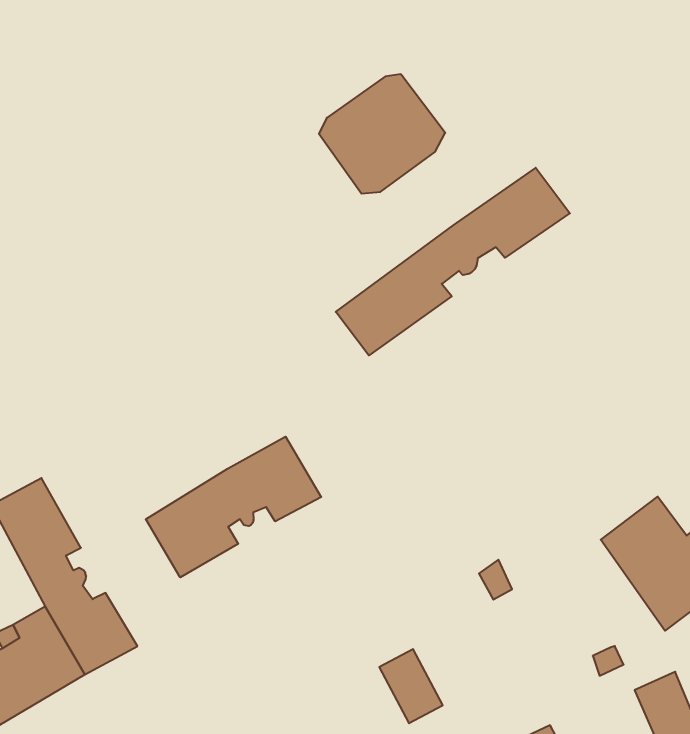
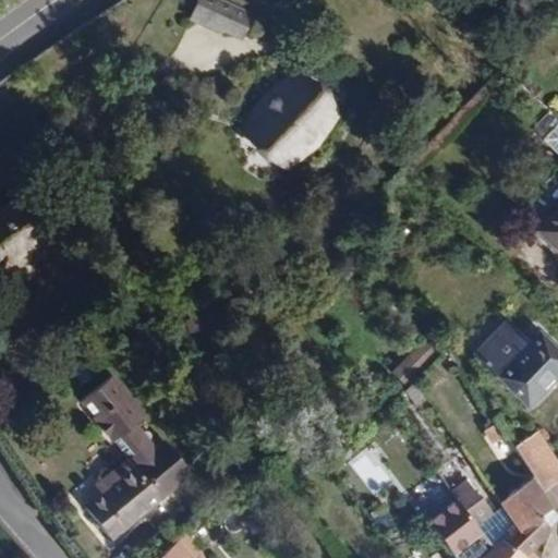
building: [336,168,570,355] -> none
building: [146,437,321,577] -> none

